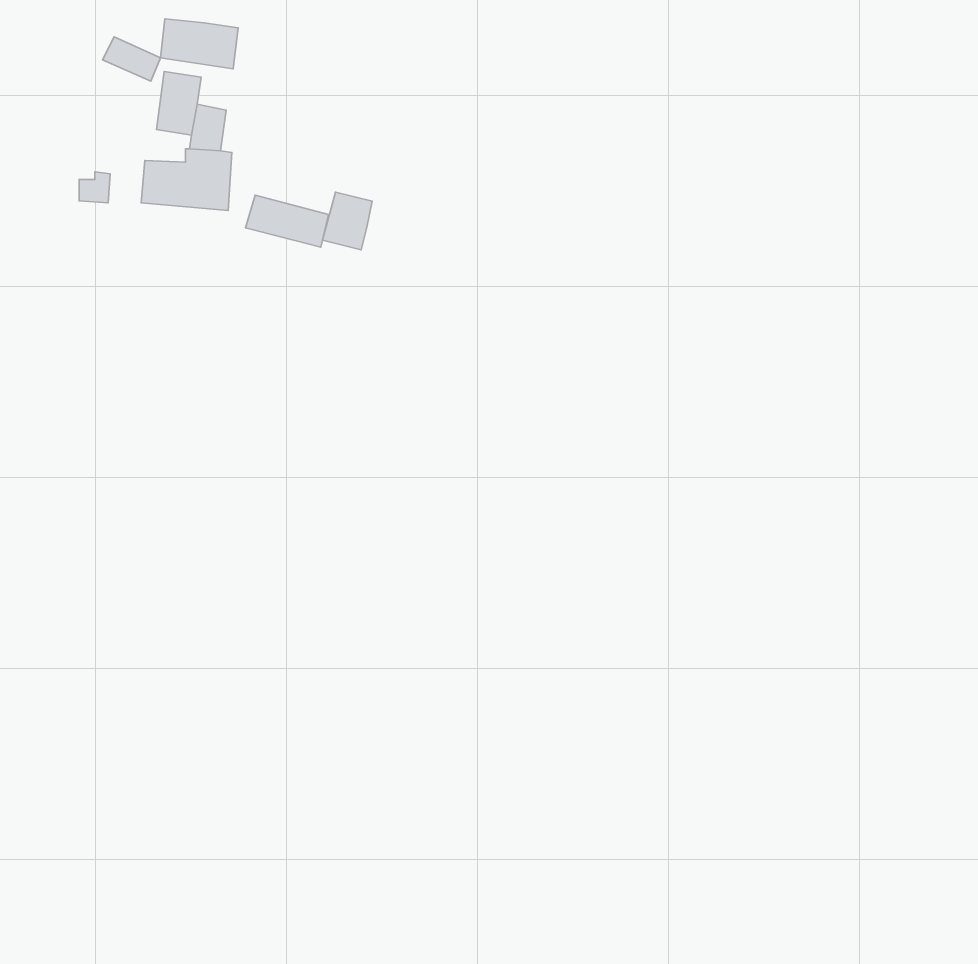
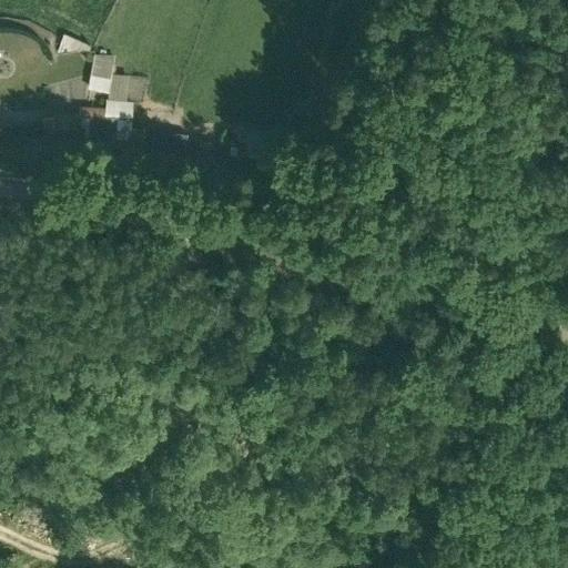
building: [160,19,238,69] -> none
building: [322,192,372,250] -> none

